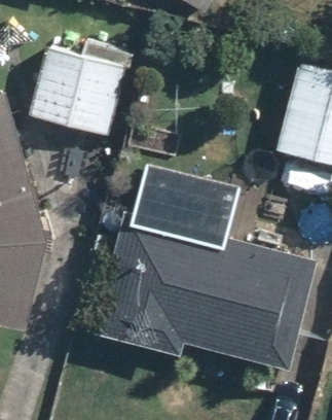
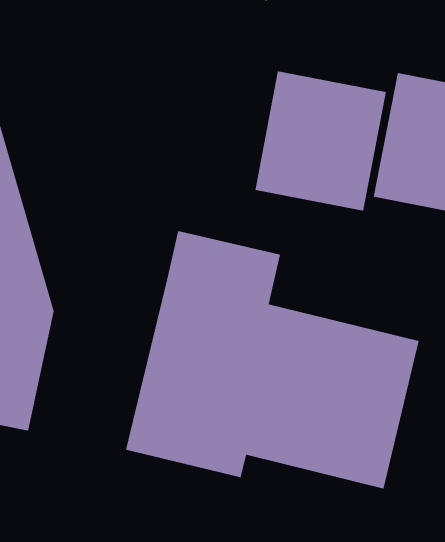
building: [28,48,127,138] -> none
building: none -> [255,71,386,212]

